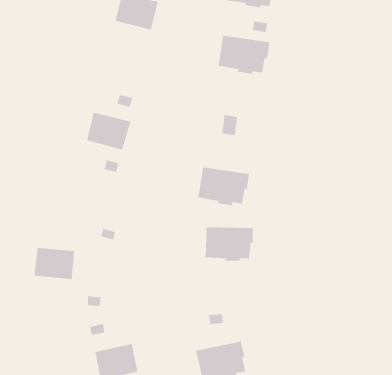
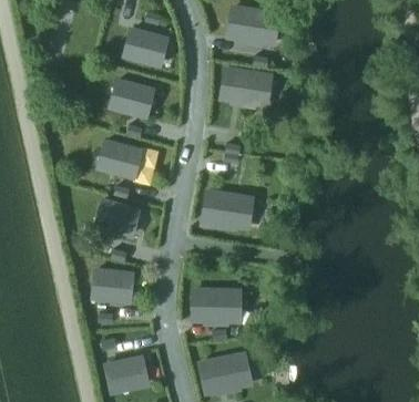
building: none -> [111,80,153,115]
building: none -> [96,200,139,235]
building: [205,227,253,261] -> [194,290,239,322]
building: [33,247,75,279] -> [93,270,132,300]

